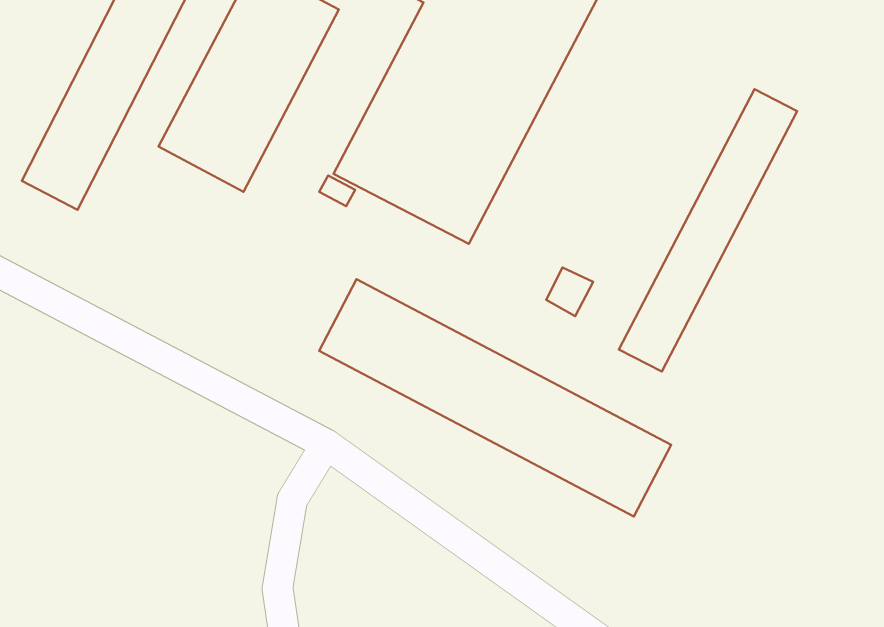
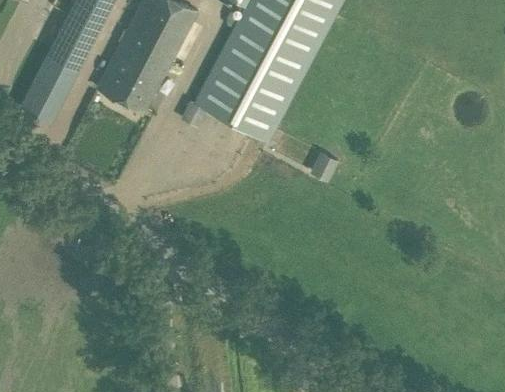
building: [619,89,797,372] -> none
building: [319,279,671,517] -> none

